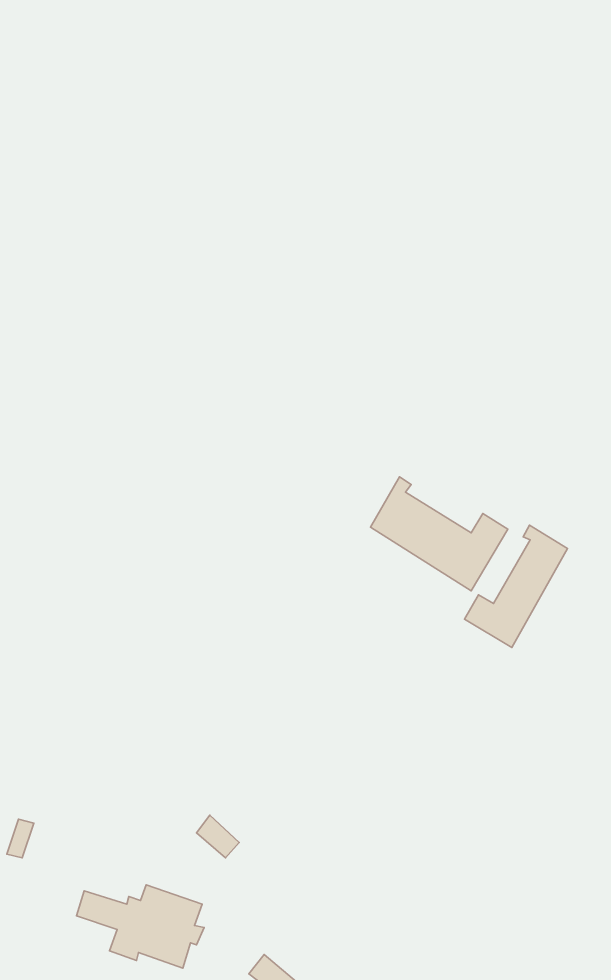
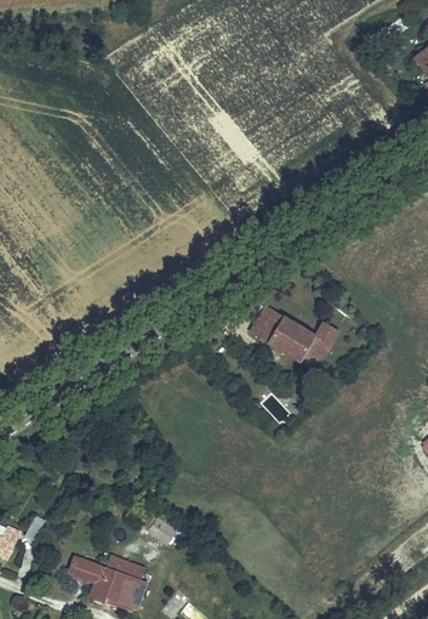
building: [464,525,568,647] -> none

